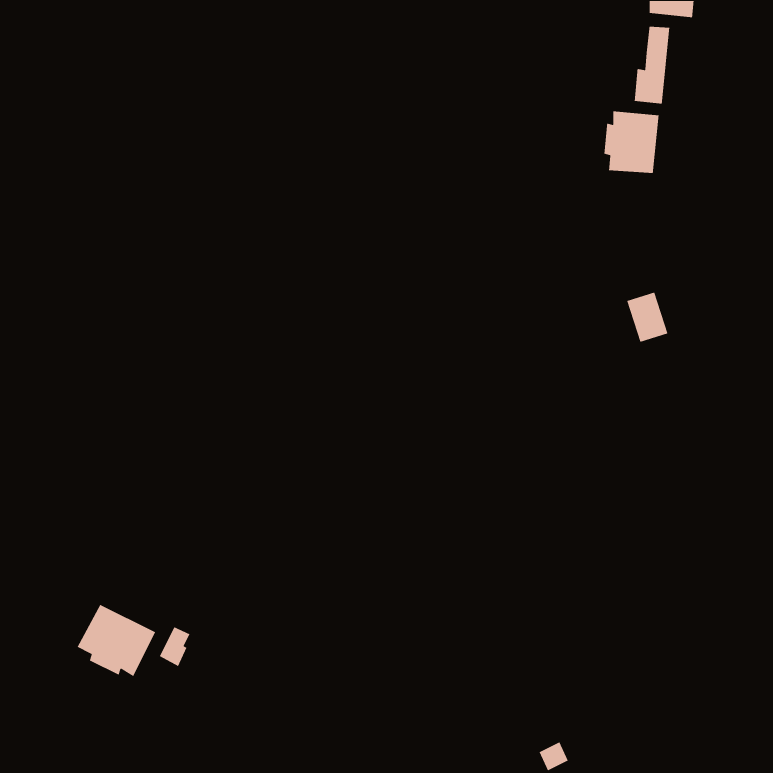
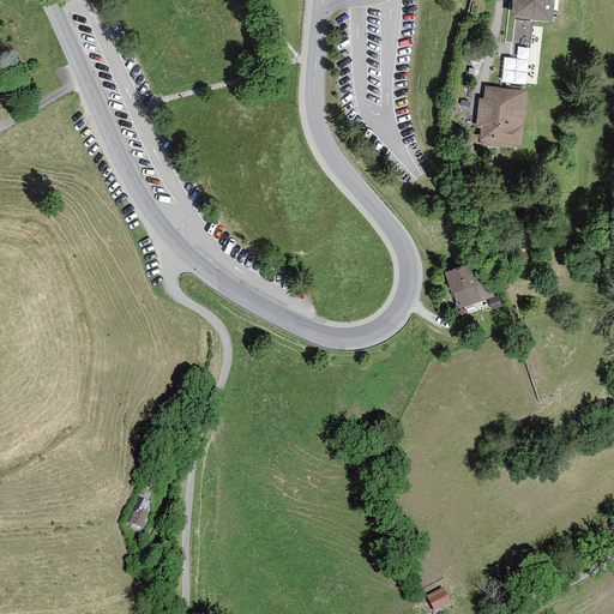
building: [626,292,668,343] -> [447,266,481,307]
building: [76,604,156,677] -> none

